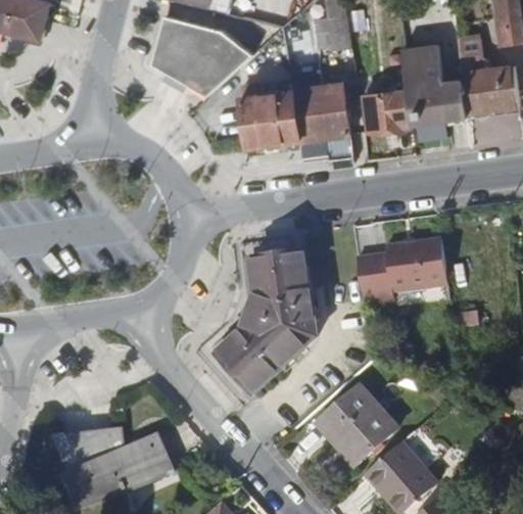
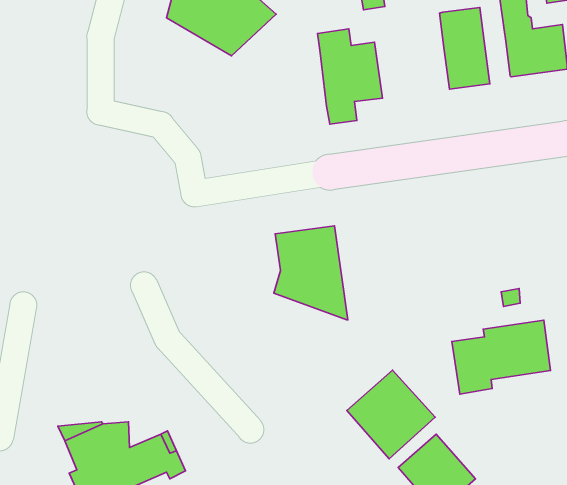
building: [241,85,298,148] -> none
building: [363,91,411,132] -> none
building: [355,237,445,305] -> [452,320,550,394]
building: [219,313,317,393] -> none

